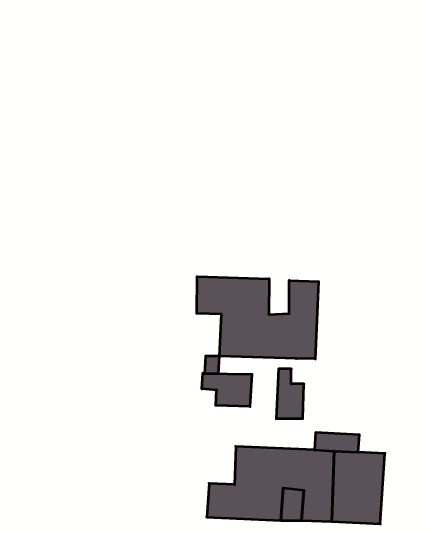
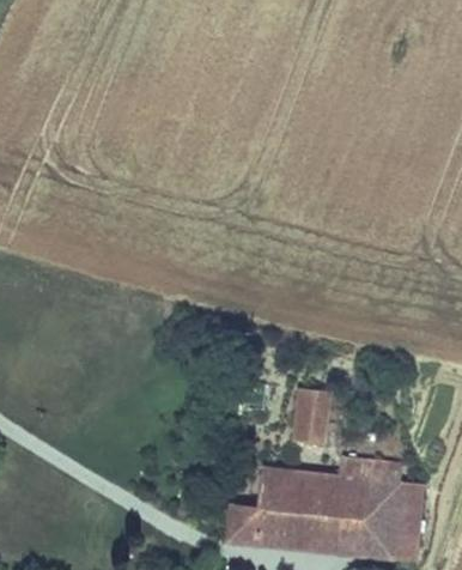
building: [197,277,319,359] -> none
building: [202,373,252,407] -> none

